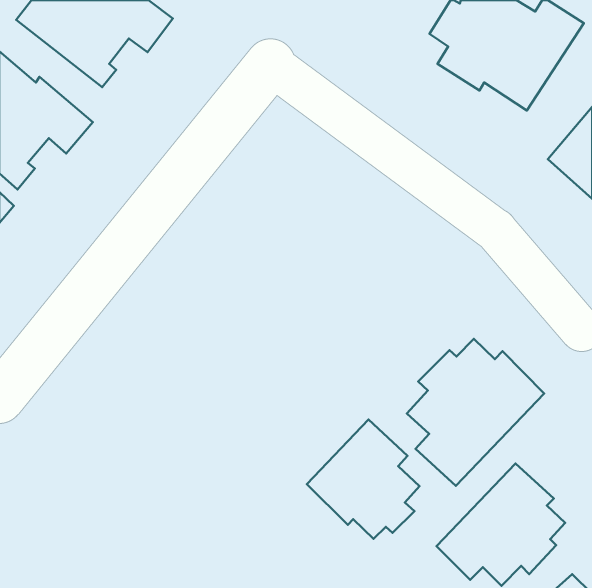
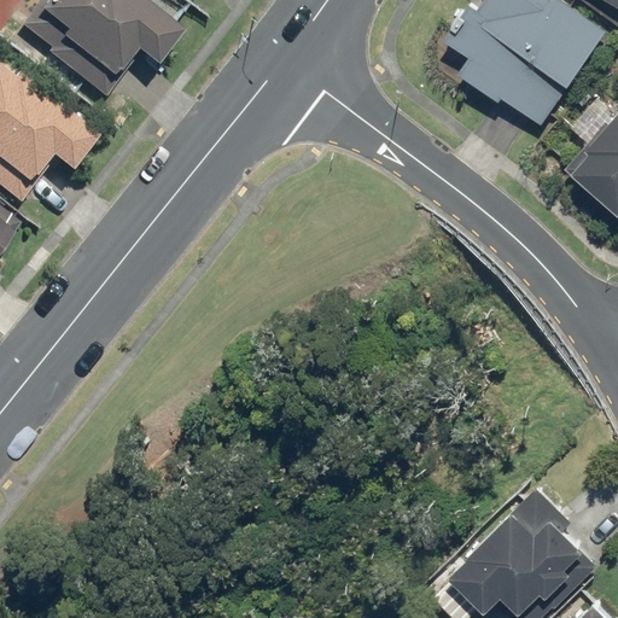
building: [407,339,544,486] -> none
building: [307,420,420,539] -> none

